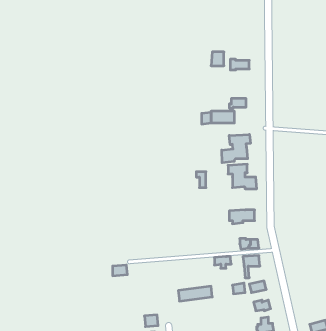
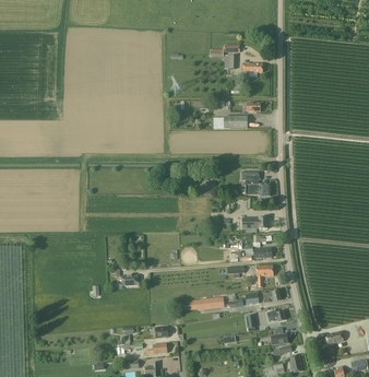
building: [222,134,250,163] -> none

